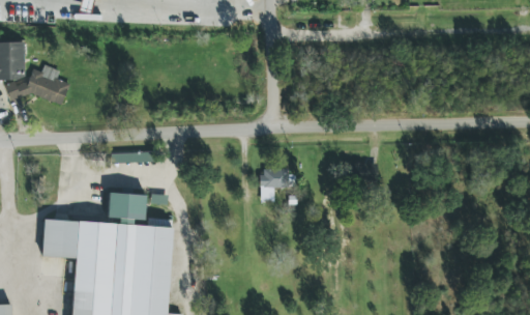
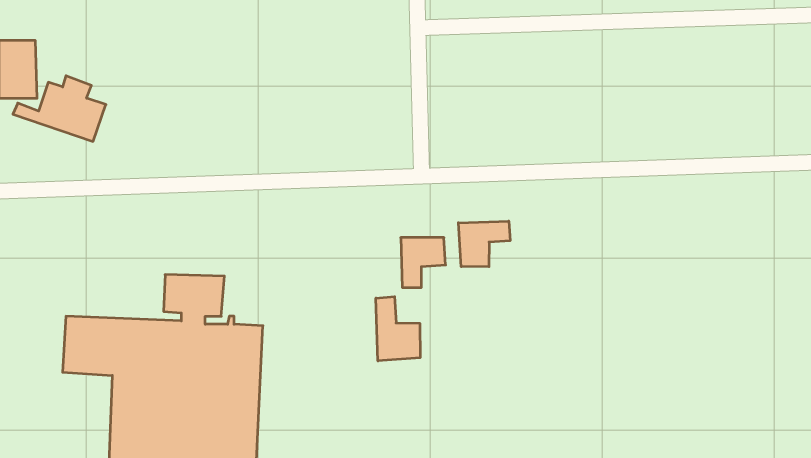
building: none -> [458,221,510,267]
building: none -> [376,297,420,361]

